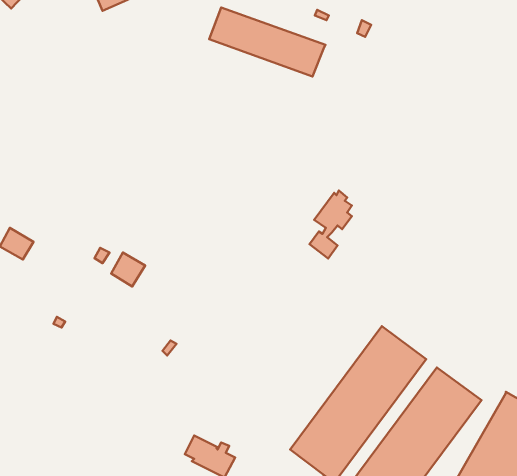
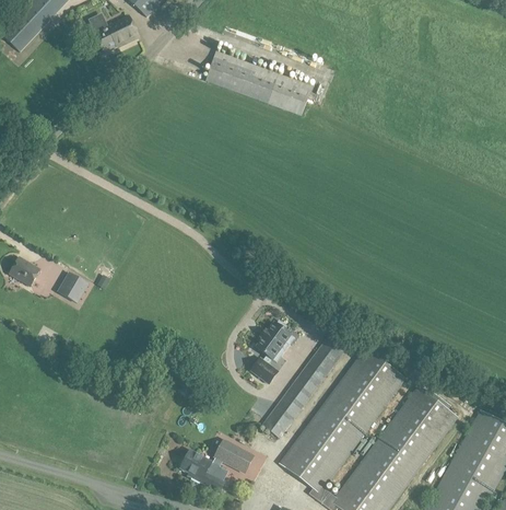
building: [309,190,352,258] -> [250,320,290,383]
building: [111,252,145,286] -> [57,271,89,303]
building: none -> [260,335,345,438]
building: none -> [213,439,252,471]

